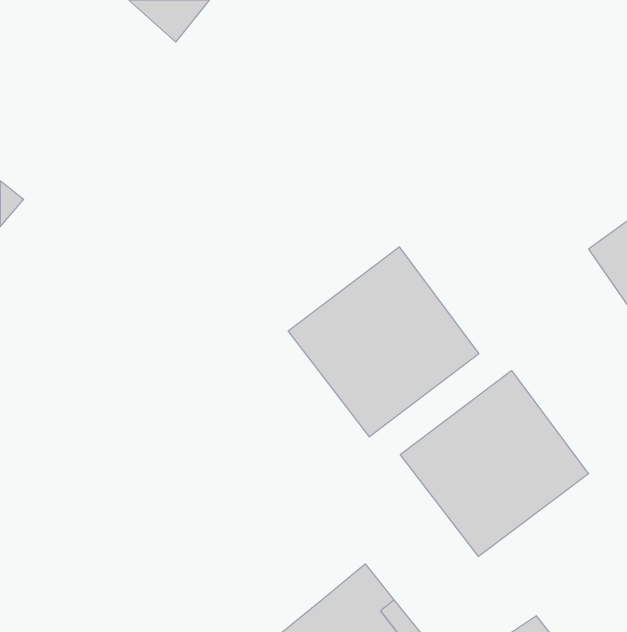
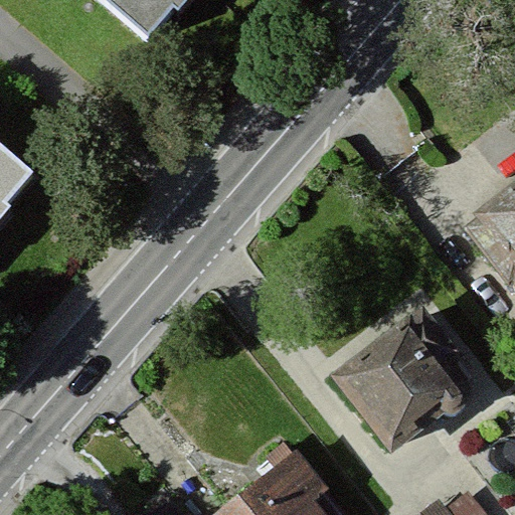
building: [288,247,479,437] -> none

